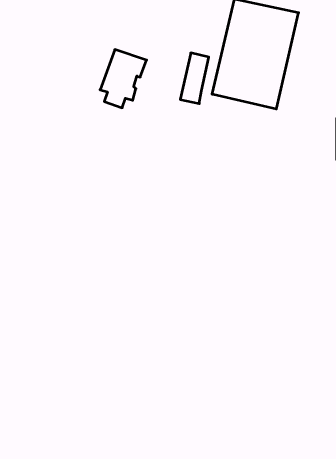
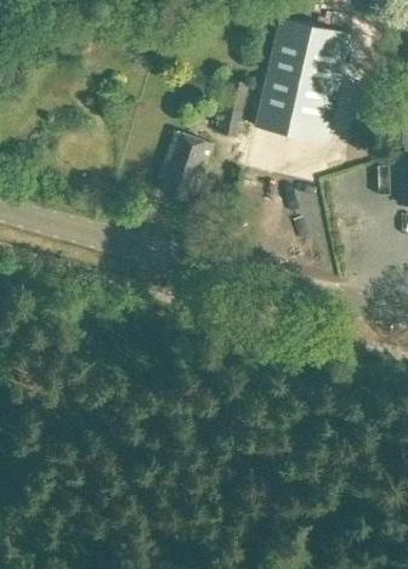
building: [100,50,147,108] -> [160,135,214,201]

